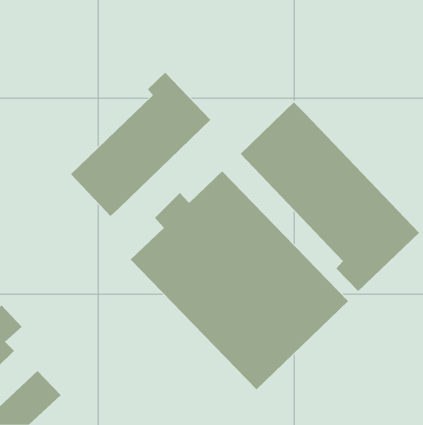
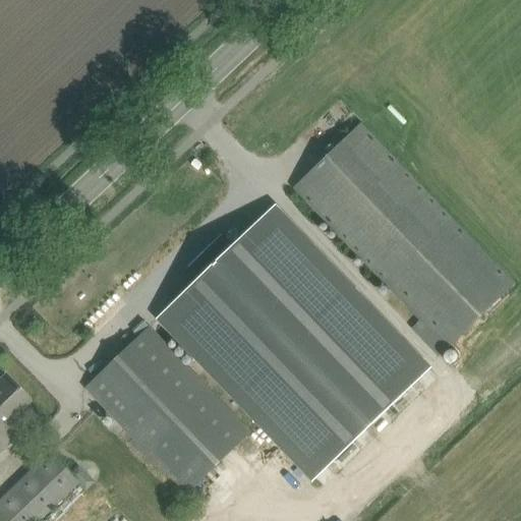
building: [70,72,211,217] -> none
building: none -> [83,328,248,493]

